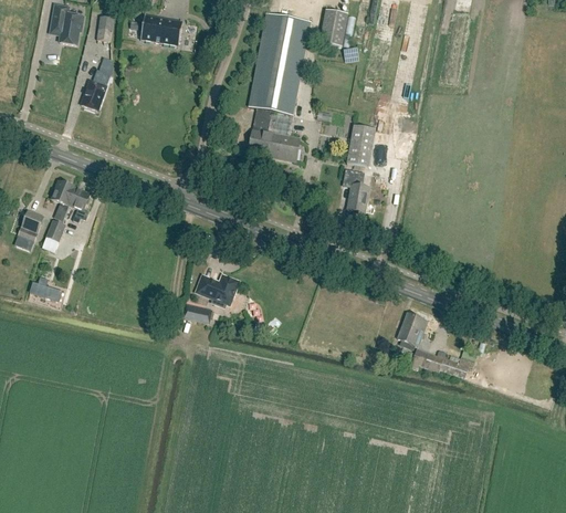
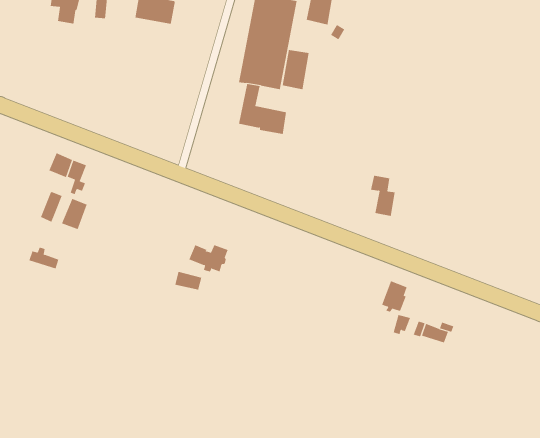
building: [82,70,111,111] -> none
building: [347,125,376,167] -> [282,49,309,90]
building: [343,169,369,212] -> [370,175,396,216]
building: [17,209,44,242] -> [61,198,88,230]

